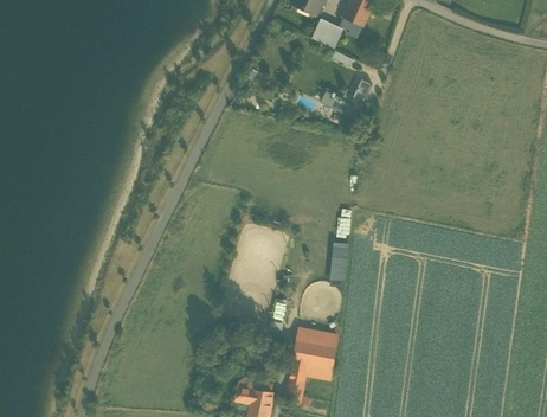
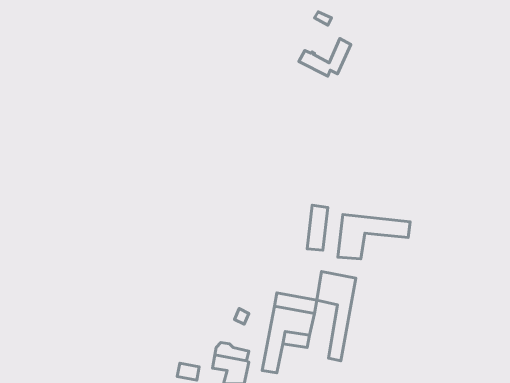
building: none -> [338,214,410,259]
building: none -> [317,272,356,361]

